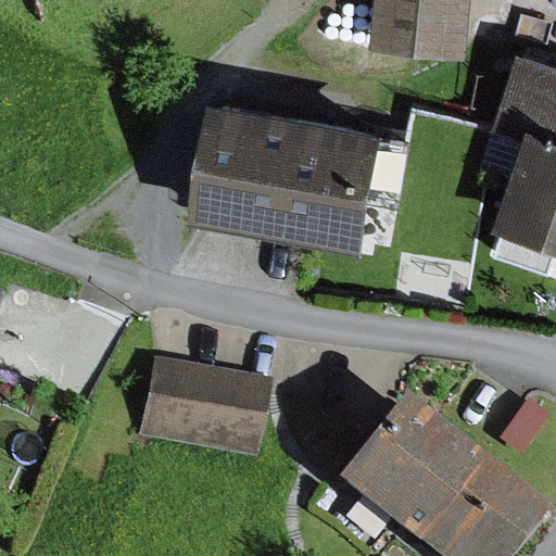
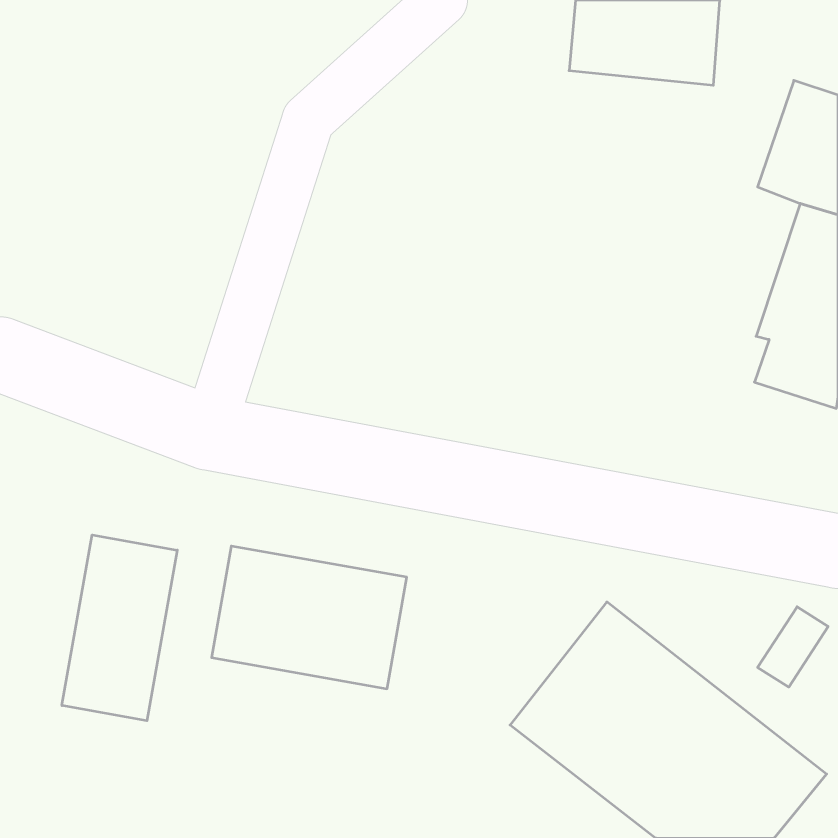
building: [200,99,392,245] -> none
building: none -> [62,535,177,721]

